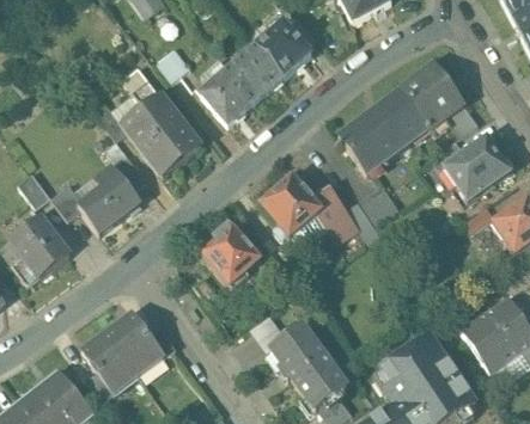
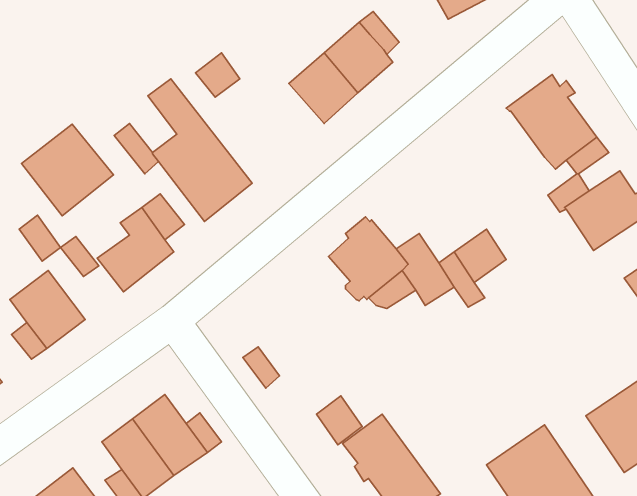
building: [201,68,256,123] -> none
building: [340,90,428,171] -> none
building: none -> [22,124,113,216]
building: [202,222,262,289] -> none

